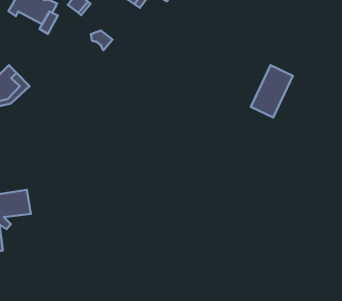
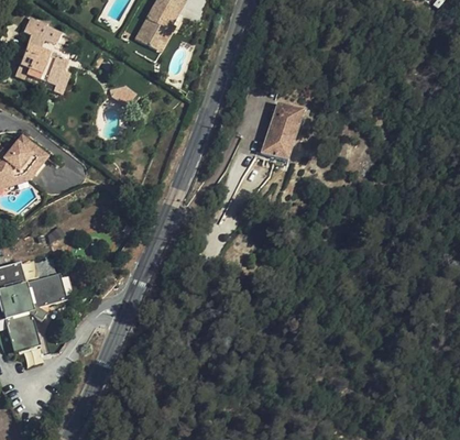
building: [251,65,293,117] -> [261,103,304,162]

